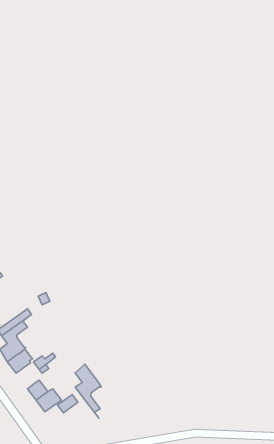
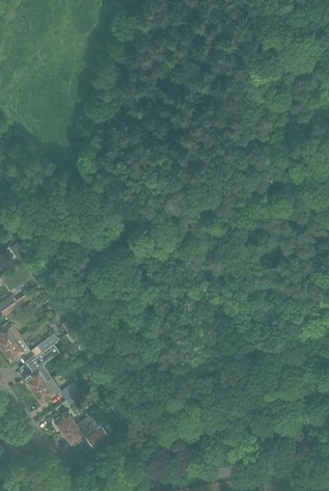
building: [75,364,101,418] -> none

